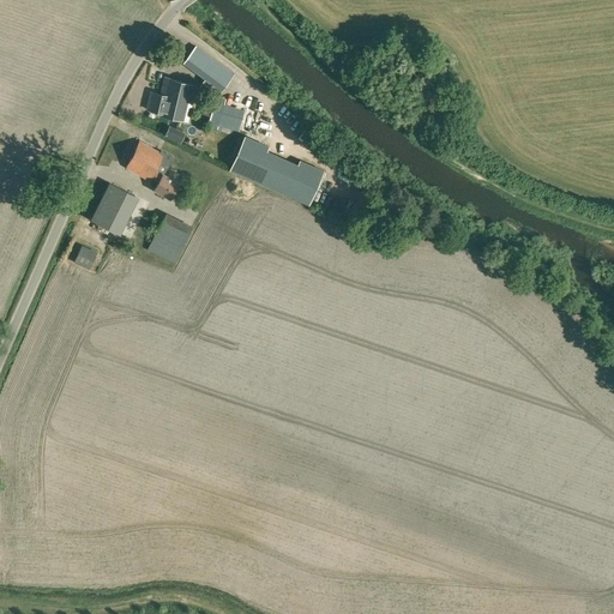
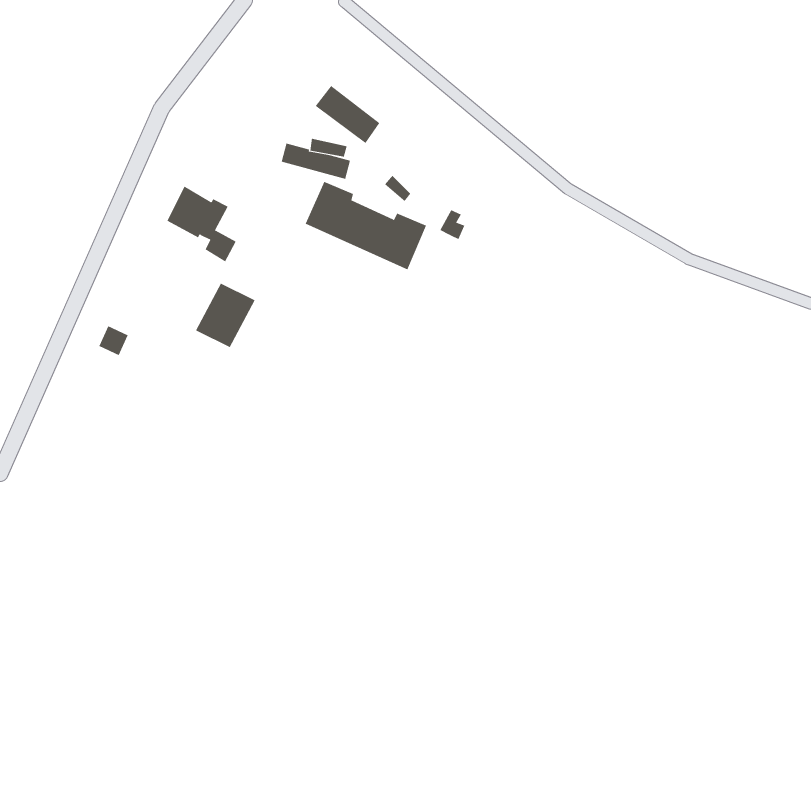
building: [183,47,233,91] -> [315,85,380,144]
building: [148,78,195,122] -> none
building: [91,183,134,233] -> none

